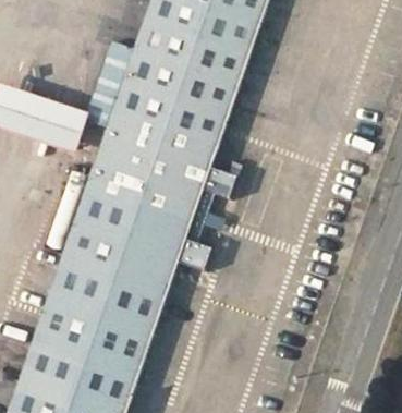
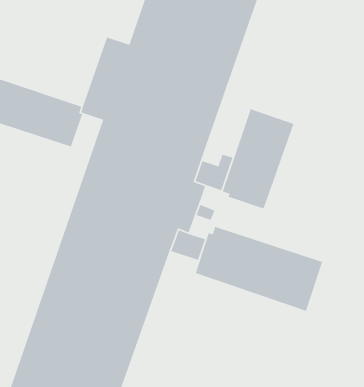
building: none -> [222,108,295,209]
building: none -> [195,226,323,312]

